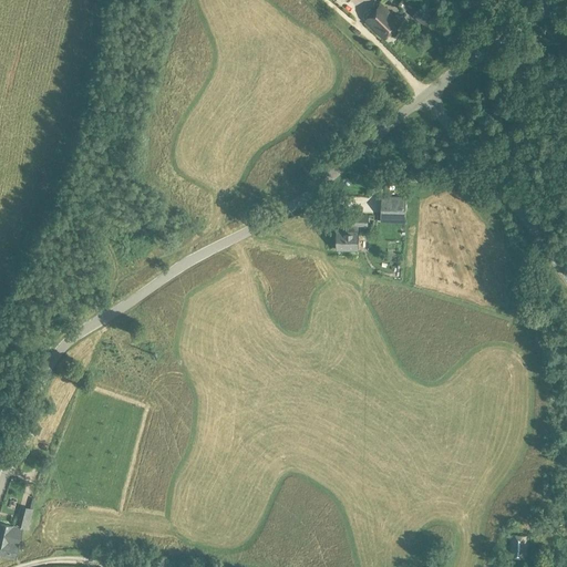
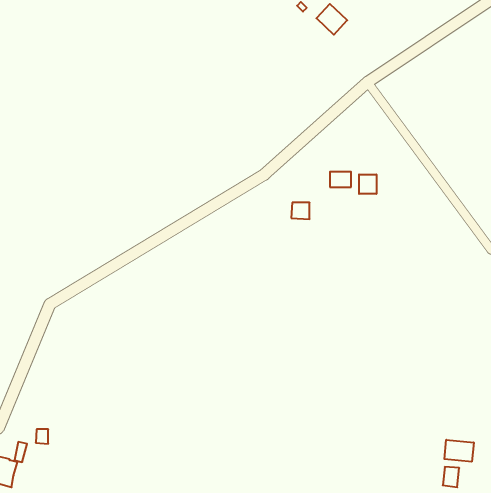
building: none -> [359,174,376,194]
building: none -> [444,440,474,462]

